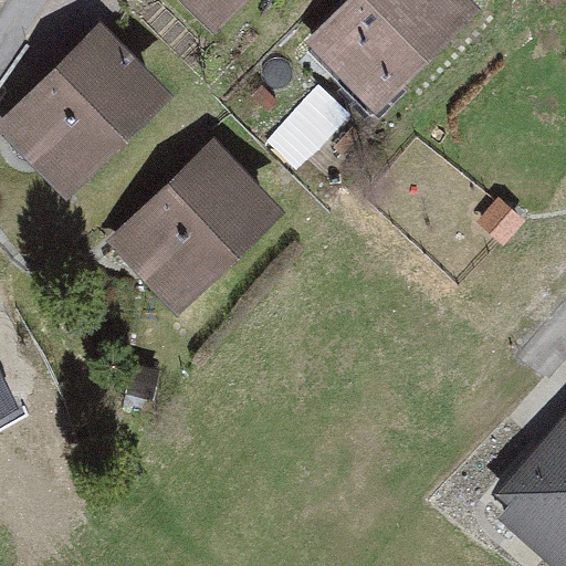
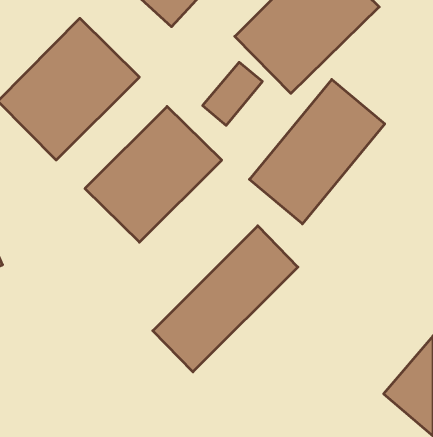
building: none -> [249,79,385,224]
building: none -> [153,226,298,372]

